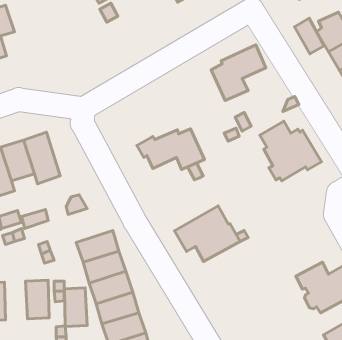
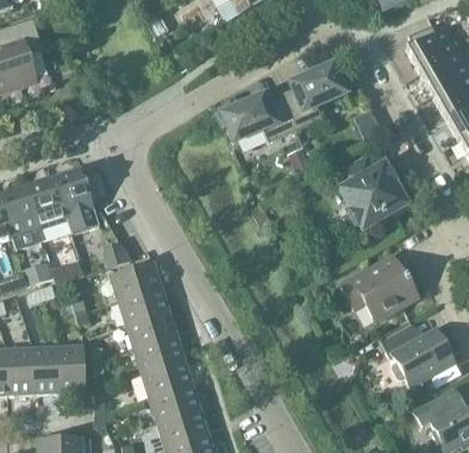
building: [295,18,324,54] -> none
building: [137,129,204,169] -> [215,93,296,141]
building: [175,206,240,262] -> [340,253,419,320]
building: none -> [110,260,162,300]
building: [64,288,87,326] -> [32,346,60,392]

